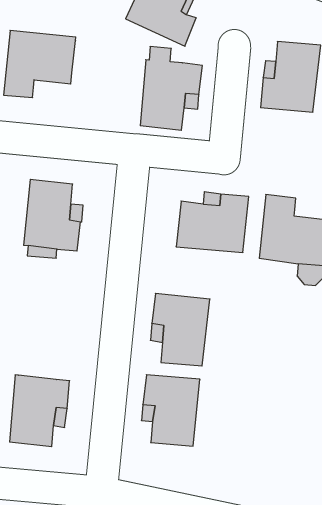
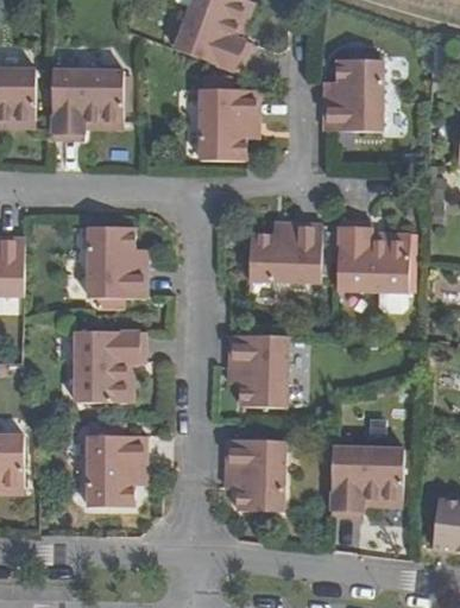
building: none -> [75,330,143,401]
building: none -> [330,442,403,509]

